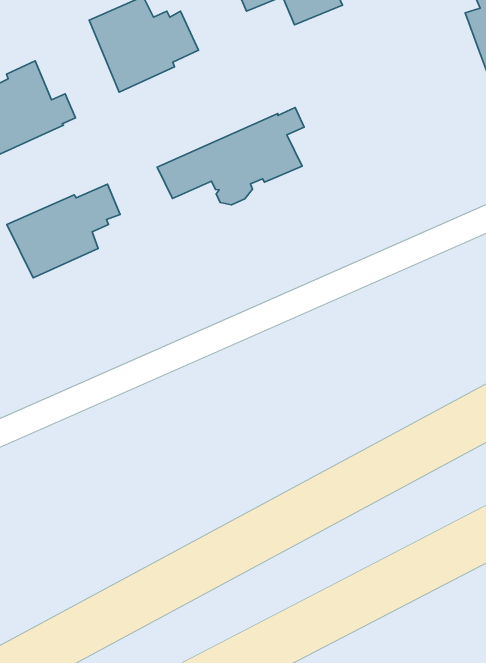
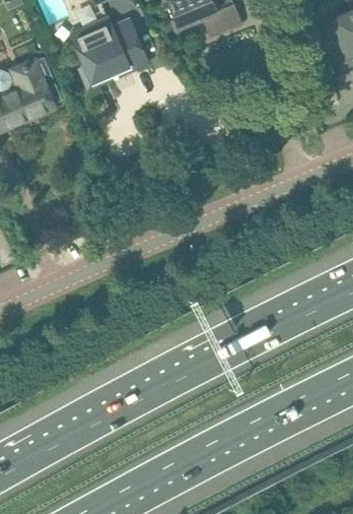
building: [157,108,304,205] -> none
building: [7,184,120,278] -> none

